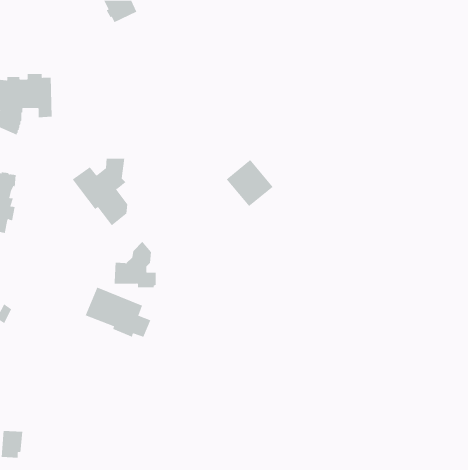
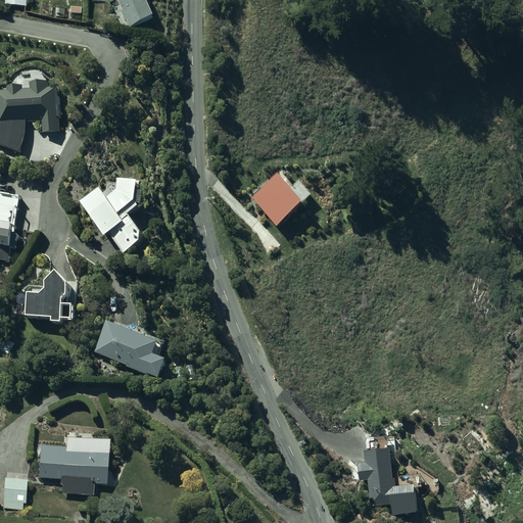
building: [114,241,156,288] -> [28,271,75,323]
building: none -> [37,437,107,494]
building: none -> [348,443,417,515]

